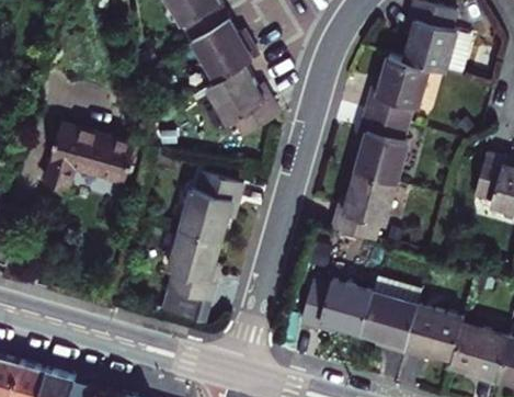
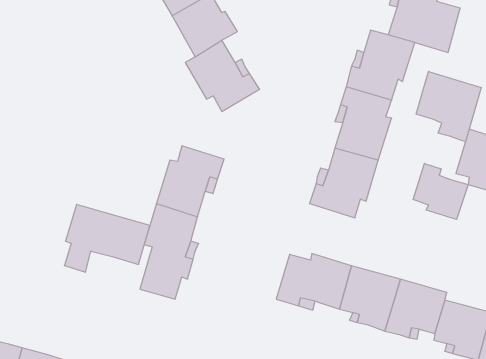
building: none -> [416,71,481,142]
building: [48,115,133,182] -> [64,204,150,272]
building: none -> [413,163,468,219]

